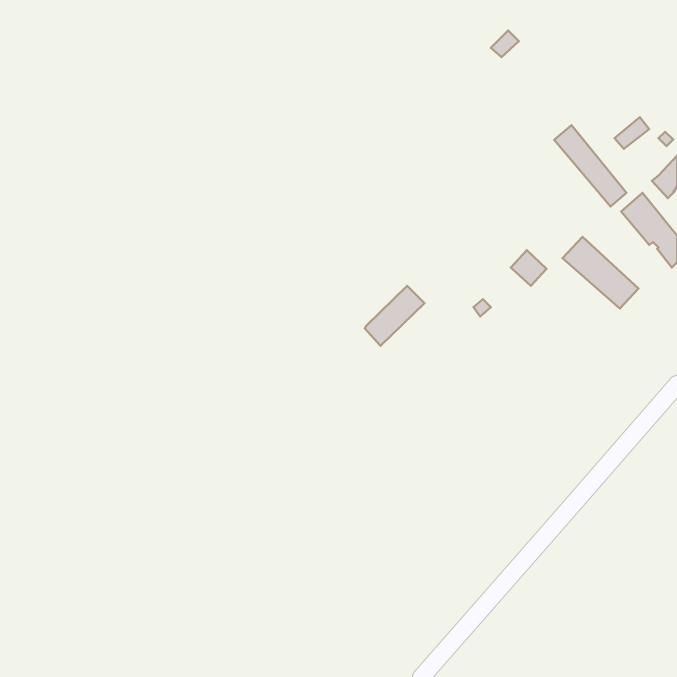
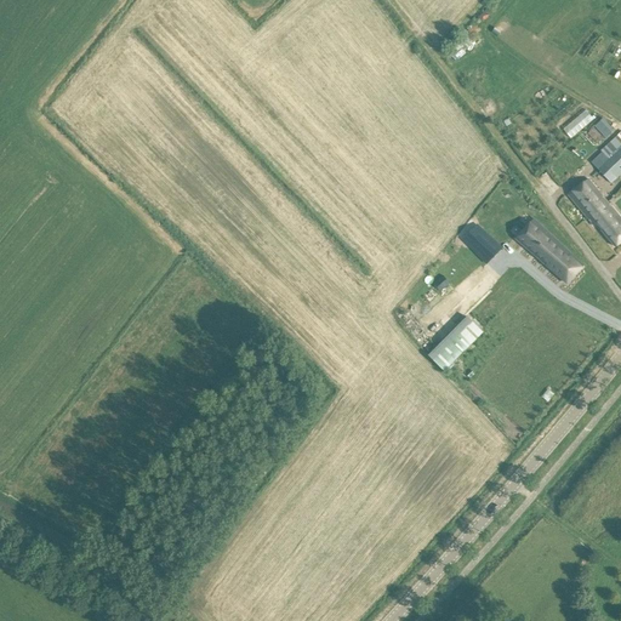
building: [554,125,627,207] -> none
building: [365,286,425,346] -> [426,314,480,369]

